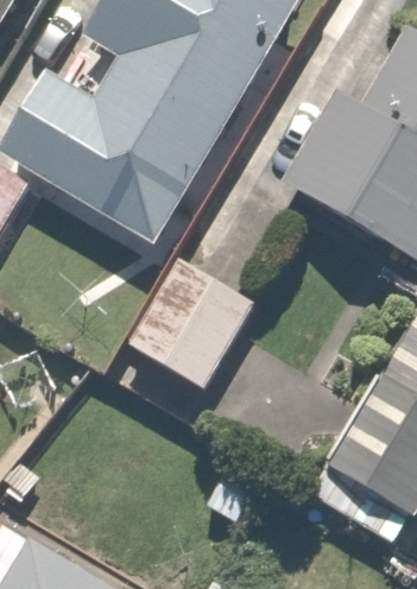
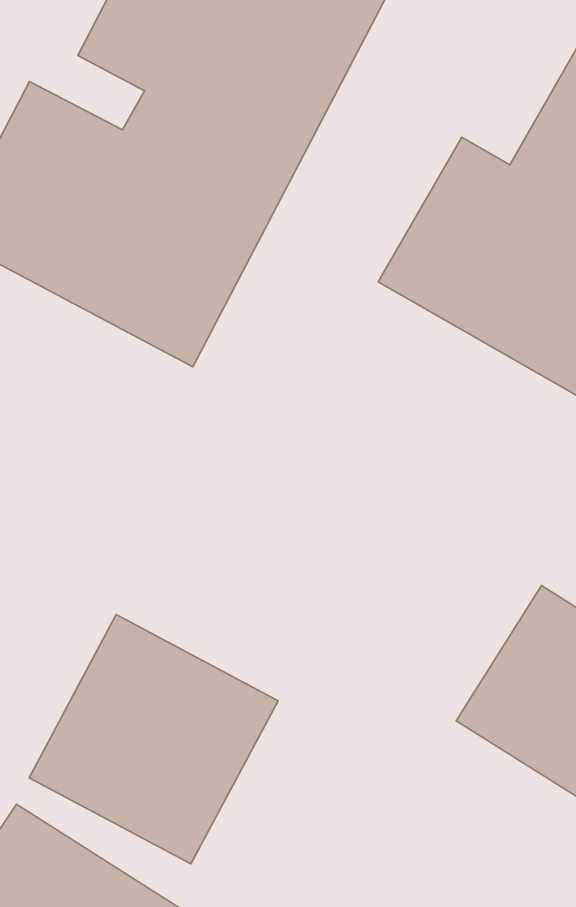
building: [127,258,252,390] -> none
building: none -> [29,615,278,864]

